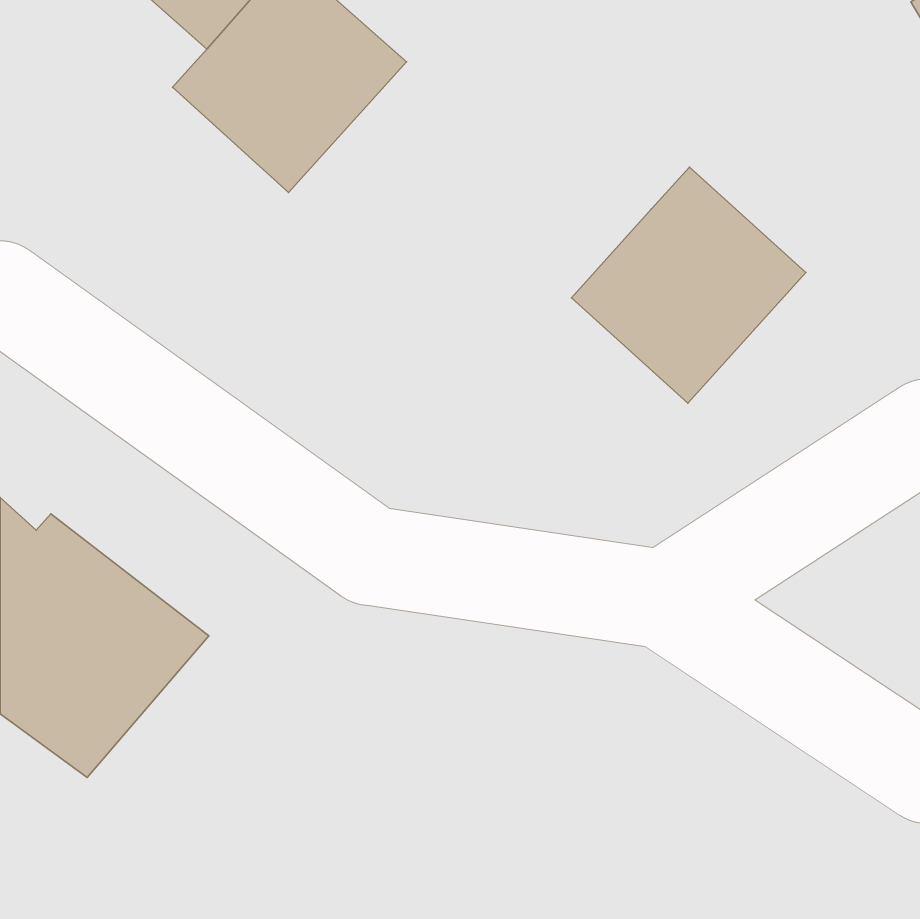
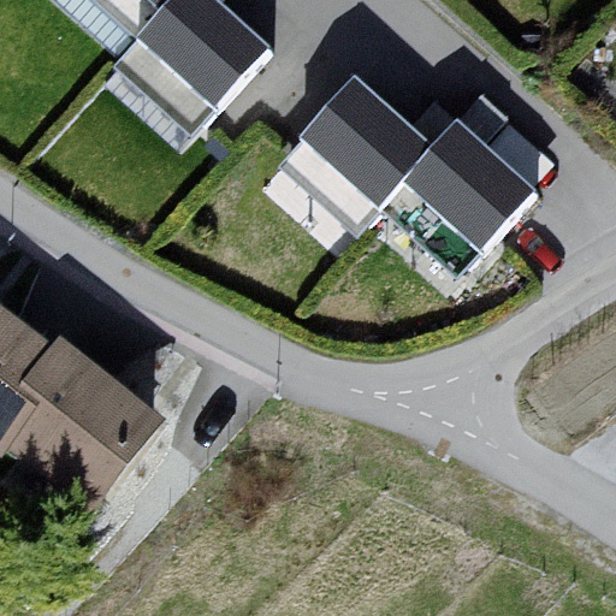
building: none -> [282,69,437,225]

